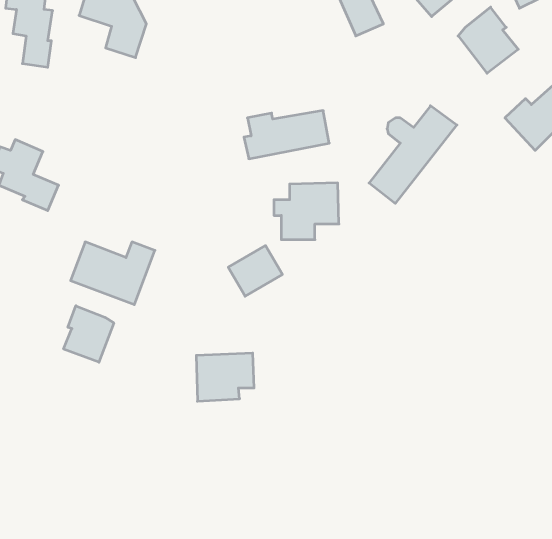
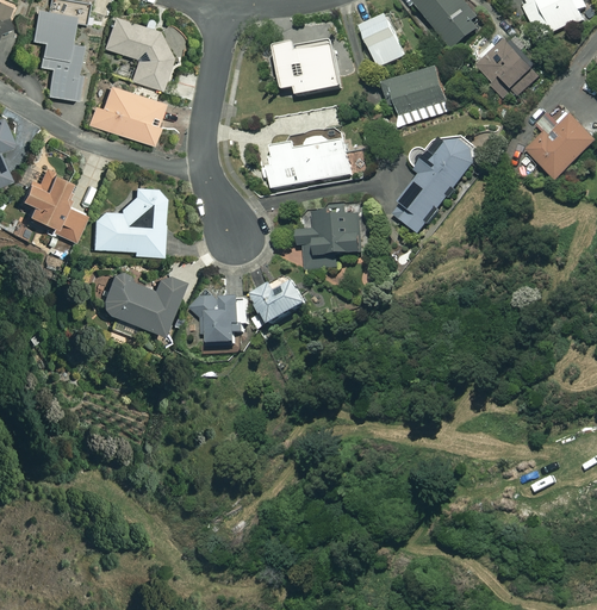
building: none -> [273,42,340,95]
building: none -> [383,66,450,125]
building: none -> [85,81,161,142]
building: none -> [92,186,163,254]
building: [64,306,114,362] -> none
building: [196,353,254,401] -> [191,295,248,343]

